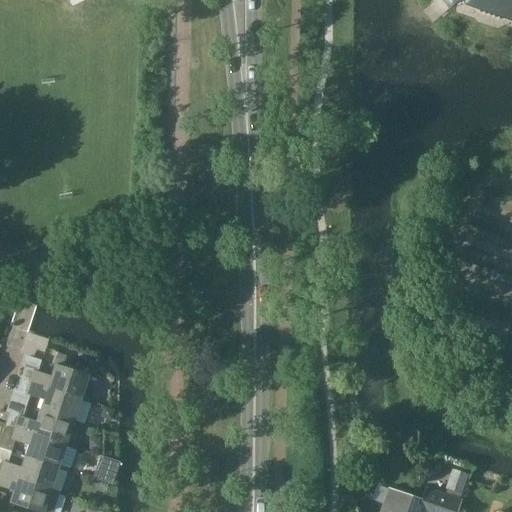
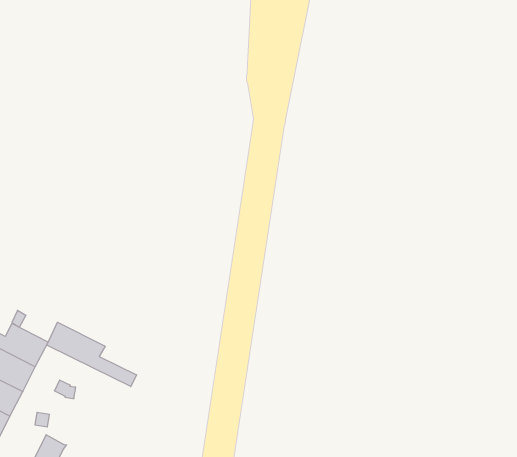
building: none -> [47,322,136,387]

